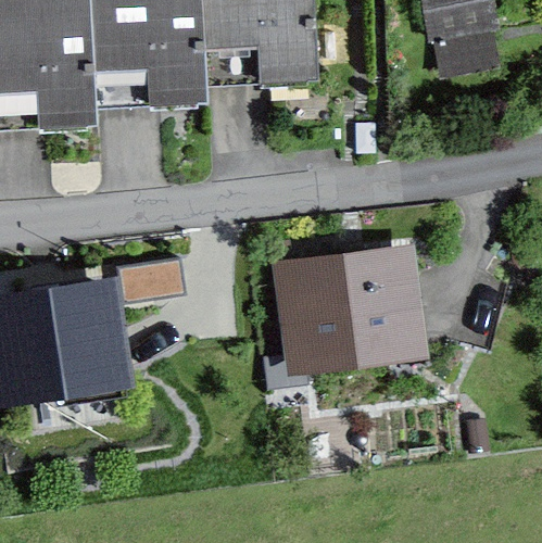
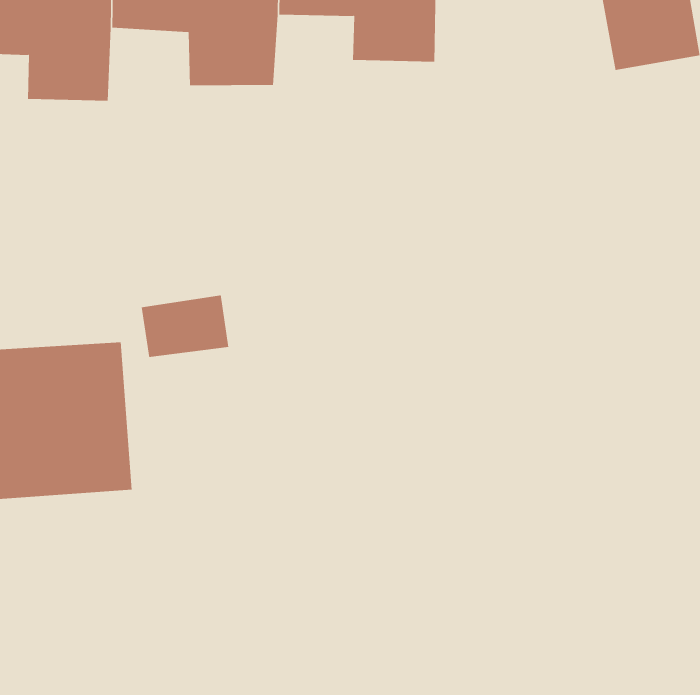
building: [278,254,423,375] -> none

